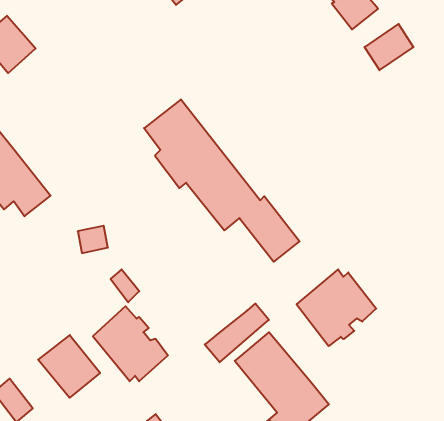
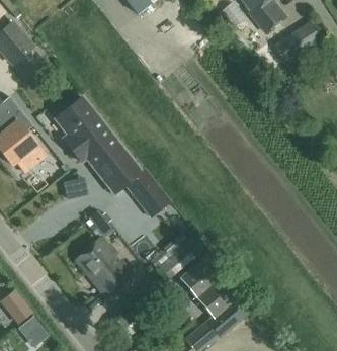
building: [144,99,300,262] -> [55,96,170,216]
building: [297,269,376,346] -> none
building: [38,335,100,398] -> none

